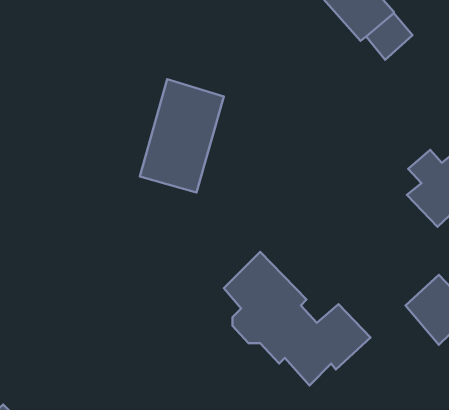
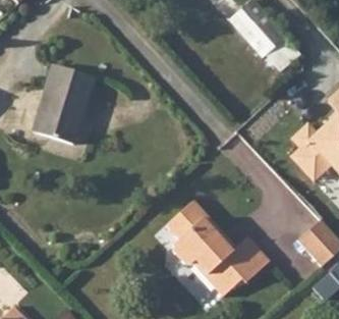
building: [140,79,224,192] -> [35,63,94,143]

